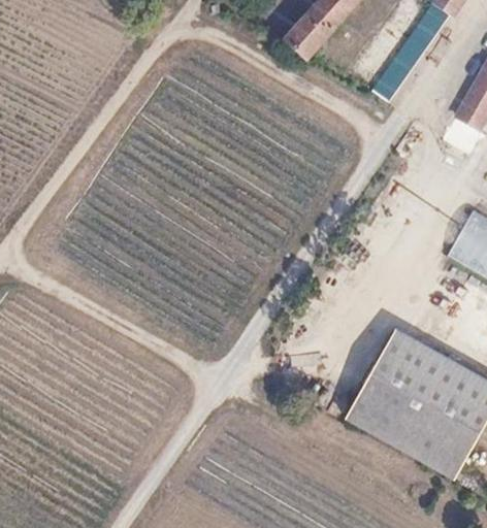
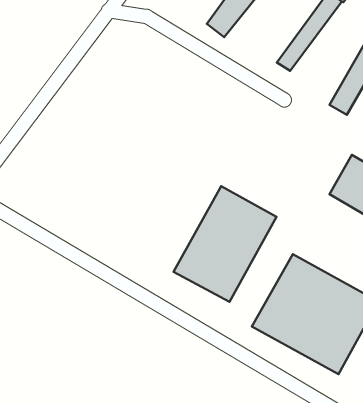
building: none -> [174,186,276,302]

